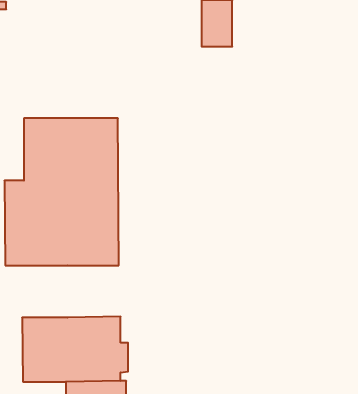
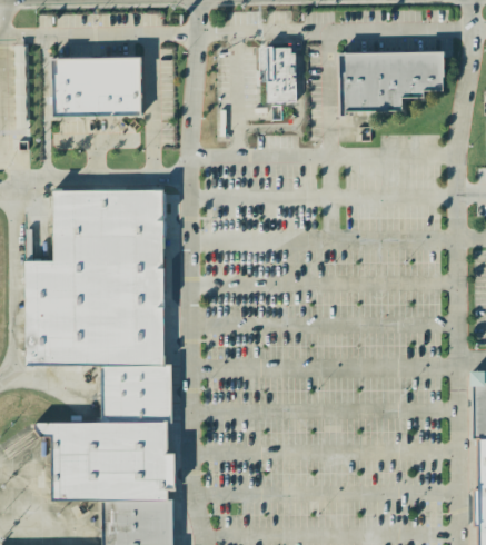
building: none -> [343,51,444,111]
building: none -> [52,57,143,115]
building: none -> [103,361,175,424]

